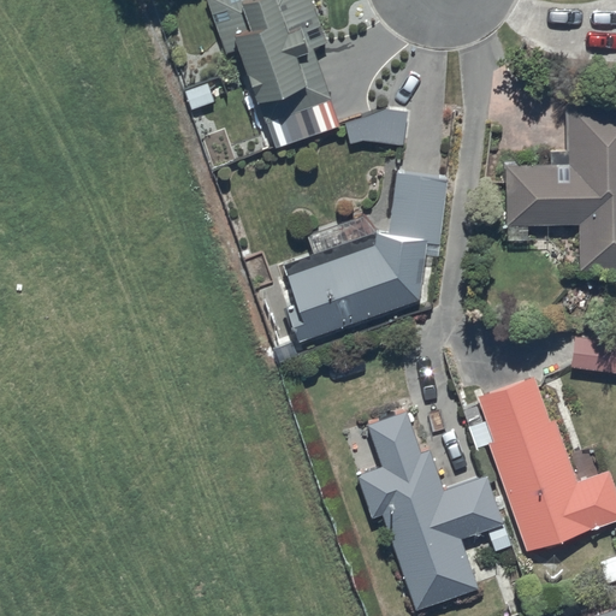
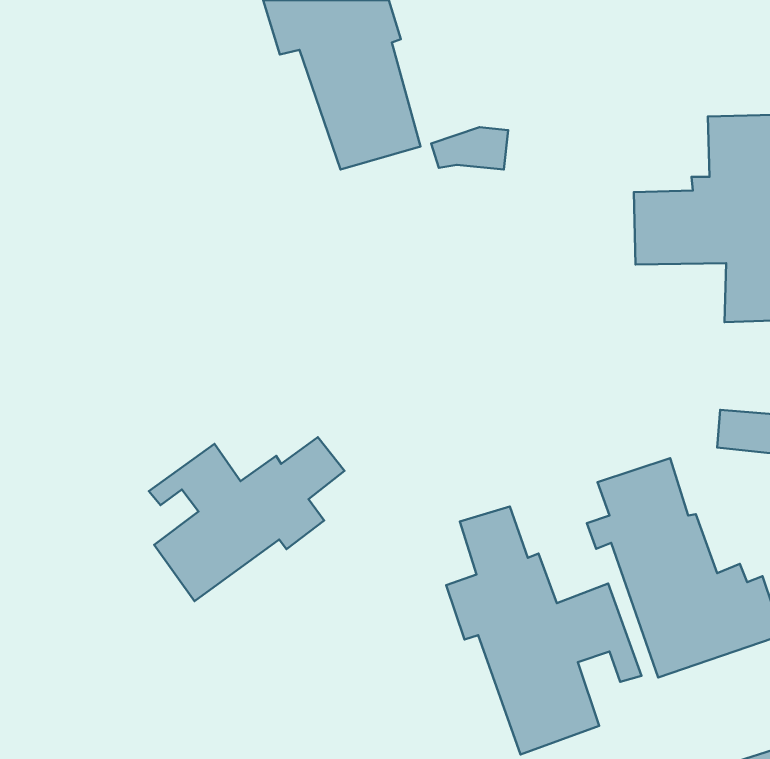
building: [284,172,449,342] -> none
building: none -> [149,437,345,601]

